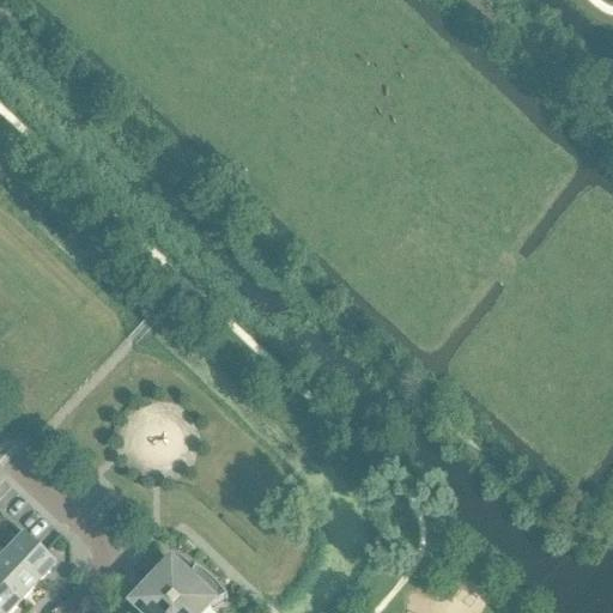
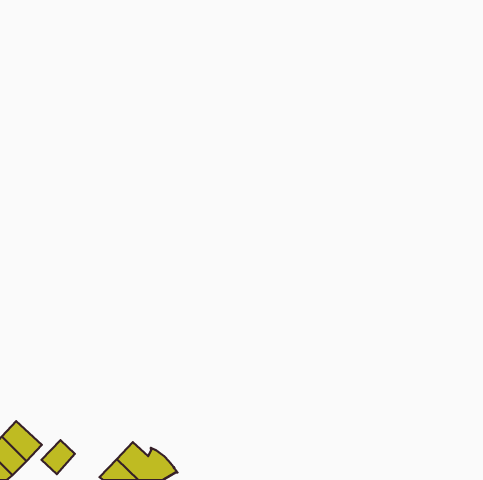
building: none -> [42,440,75,474]

